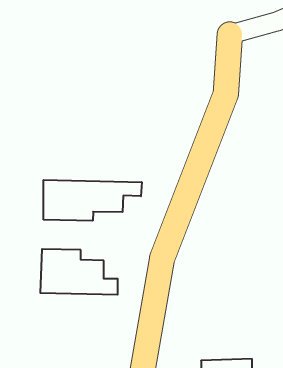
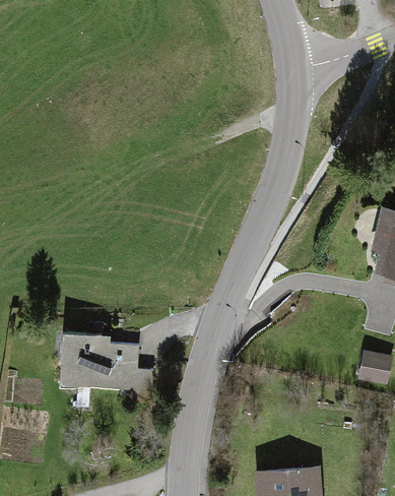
building: [44,180,142,221] -> none

